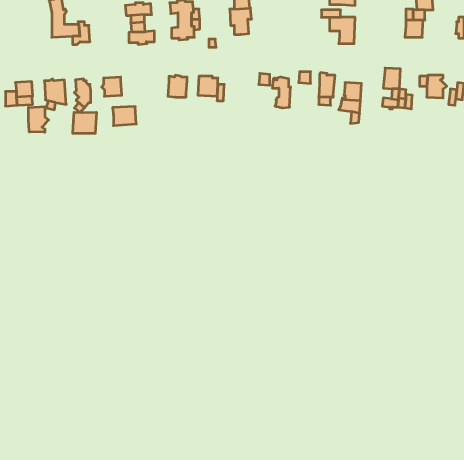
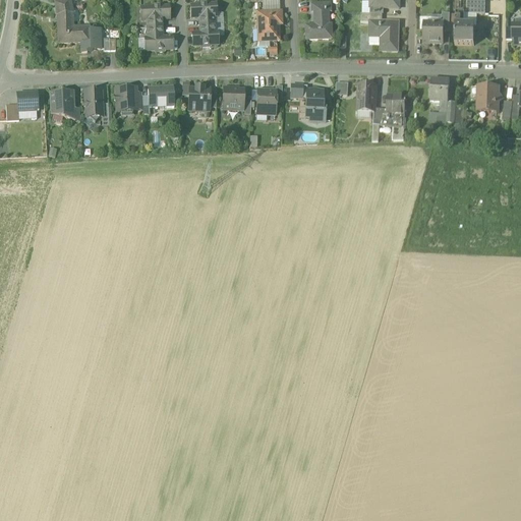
building: none -> [305,8,331,37]
building: none -> [423,20,443,41]
building: none -> [256,88,276,113]
building: [113,107,136,126] -> [148,84,174,106]
building: [28,107,49,132] -> none
building: [73,112,96,133] -> none

